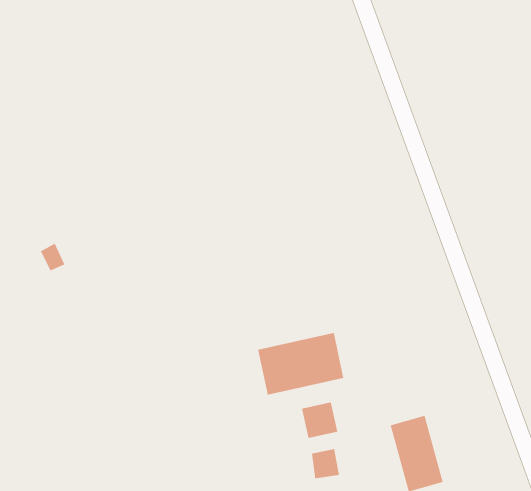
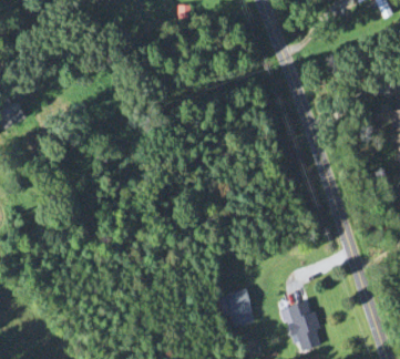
building: [258,332,344,396] -> none

